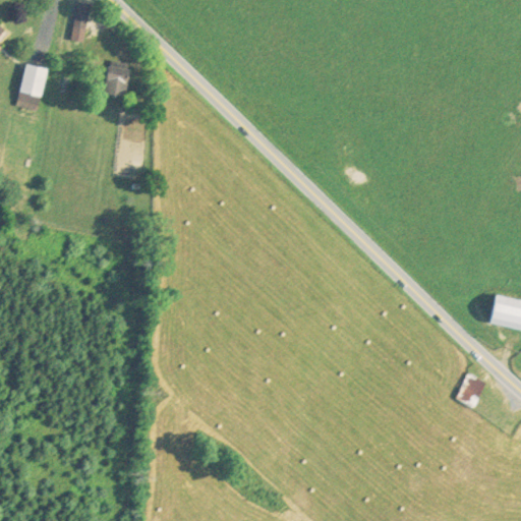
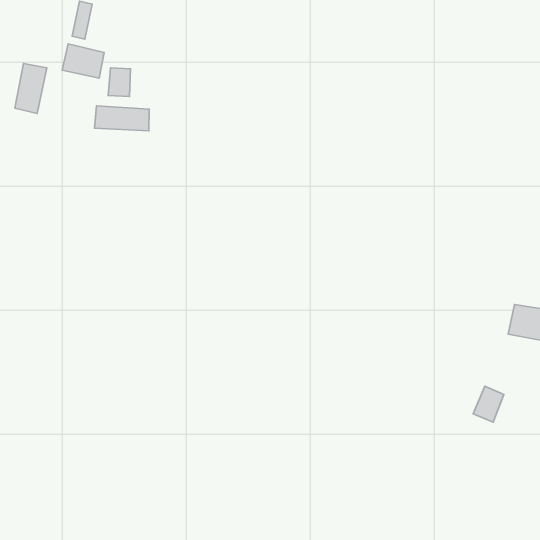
building: none -> [62,44,104,78]
building: none -> [95,106,149,131]

